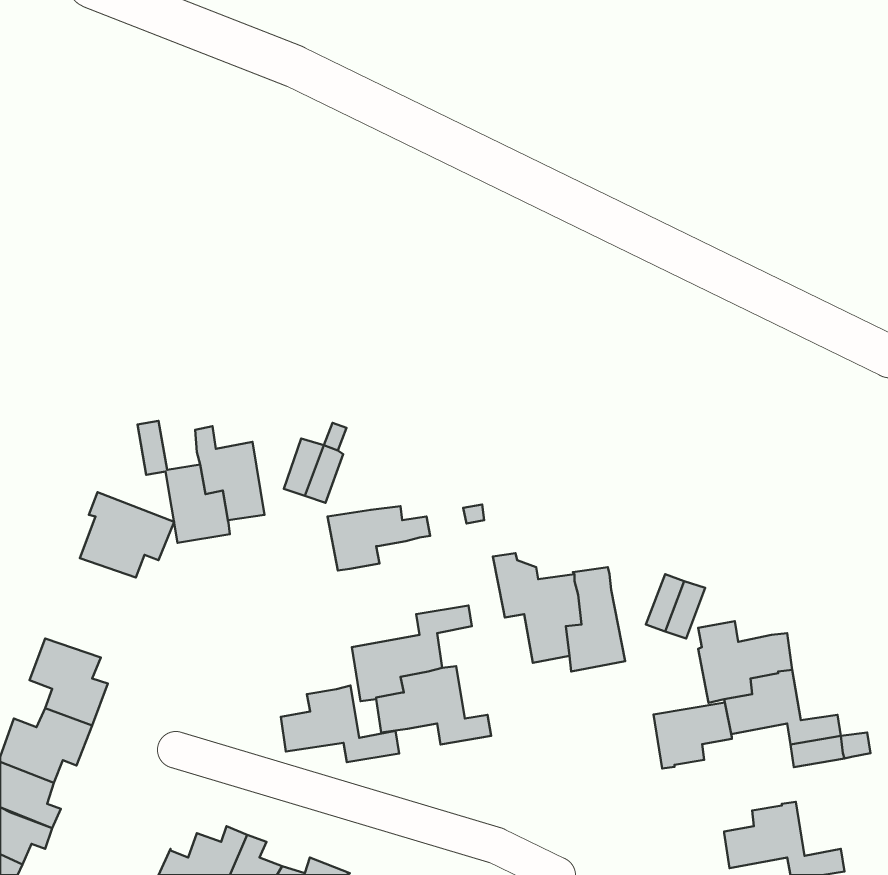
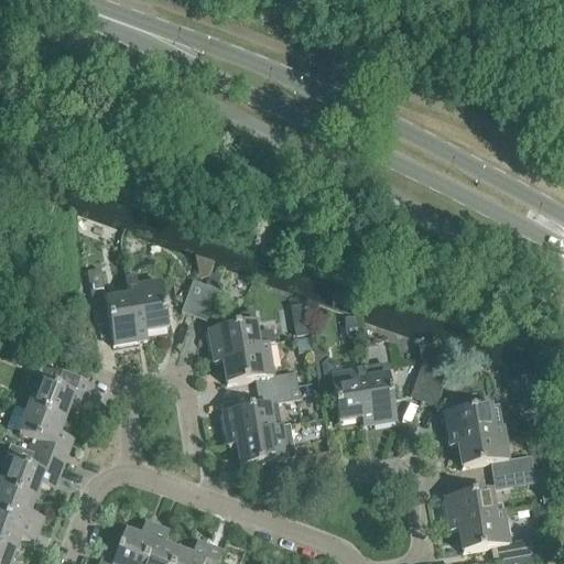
building: [80,492,174,577] -> [30,362,89,416]
building: [281,686,399,762] -> [223,340,297,389]
building: [654,702,732,768] -> [446,487,496,529]

